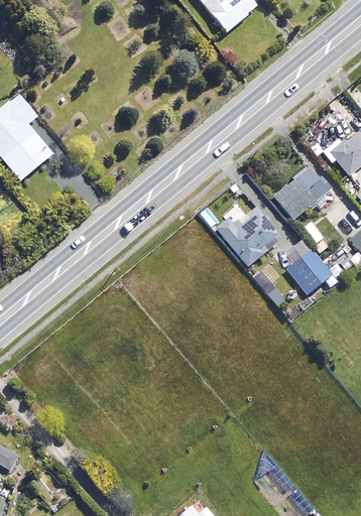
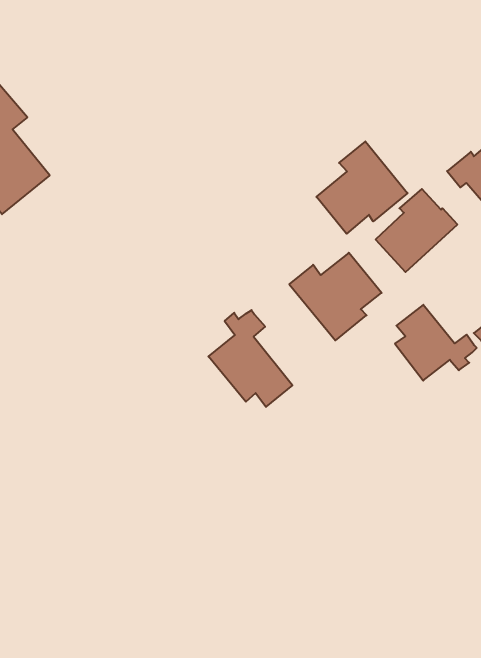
building: none -> [316,141,408,234]
building: none -> [208,310,292,407]

